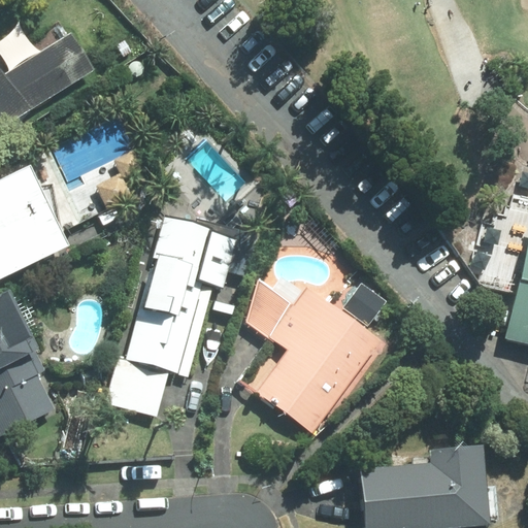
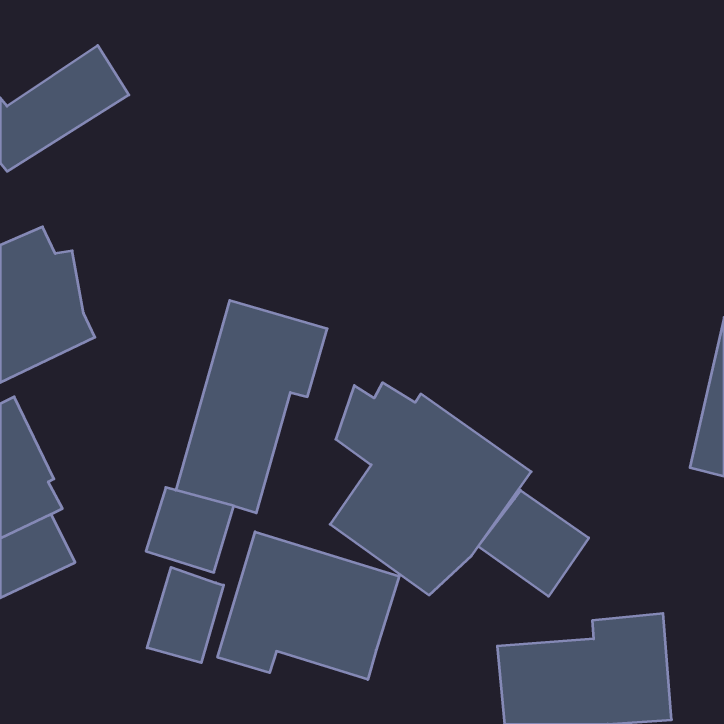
building: none -> [478,490,589,596]
building: none -> [218,532,399,680]
building: none -> [147,567,224,663]

